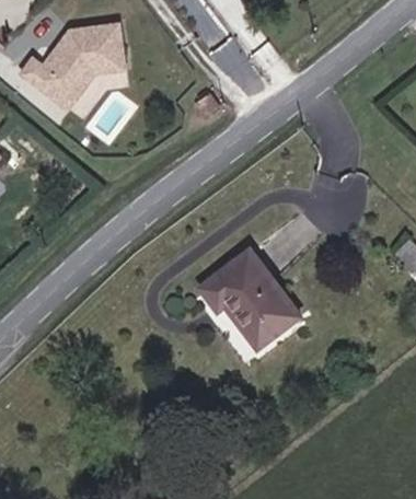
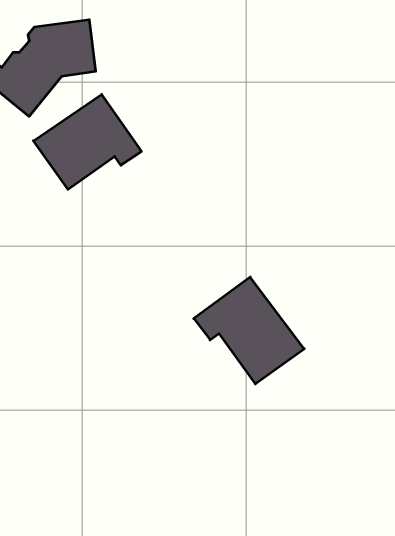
building: none -> [33,94,141,189]

